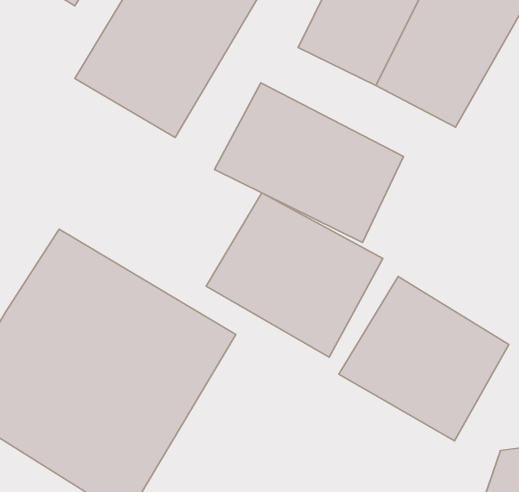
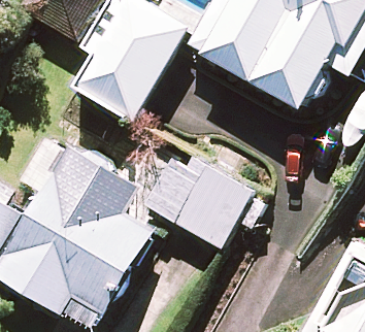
building: [214,83,403,243] -> none
building: [339,277,509,441] -> none

